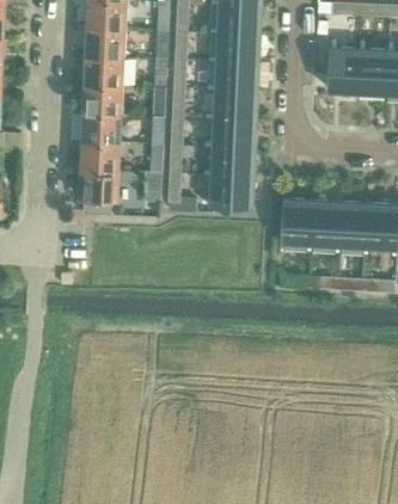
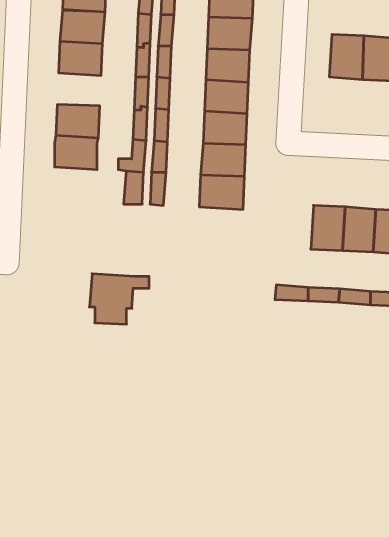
building: [84,84,123,113] -> none
building: [79,168,133,214] -> [89,274,149,324]
building: [283,201,314,242] -> none

